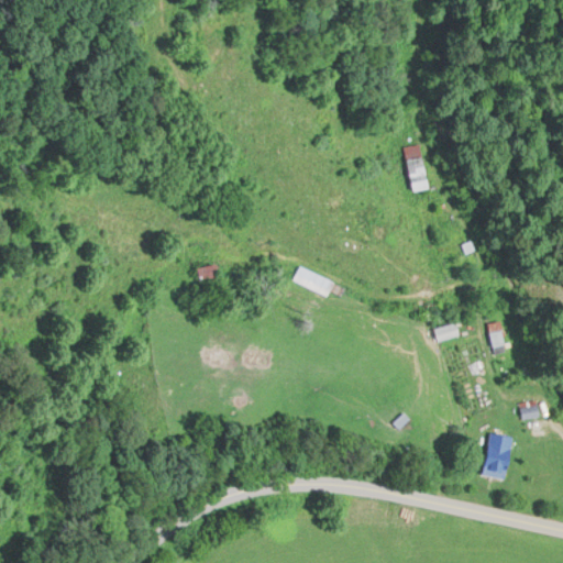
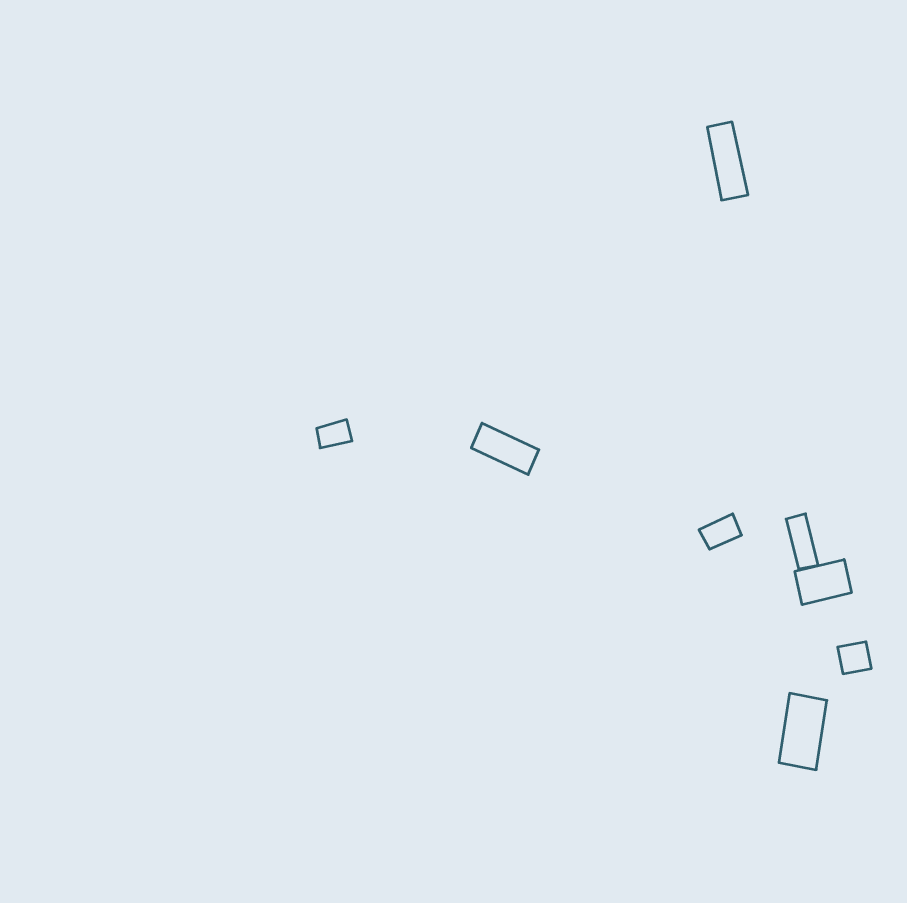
building: [404,145,429,194] -> [707,122,748,200]
building: none -> [795,559,851,605]

